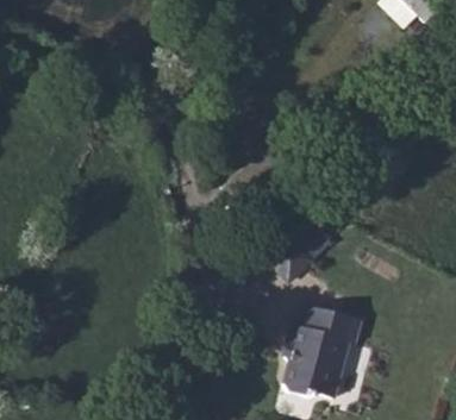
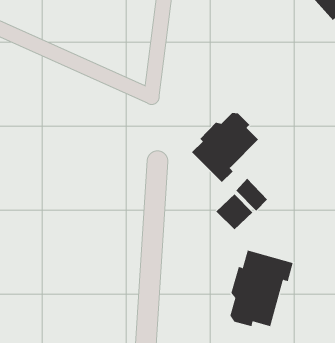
building: none -> [191,112,259,183]

